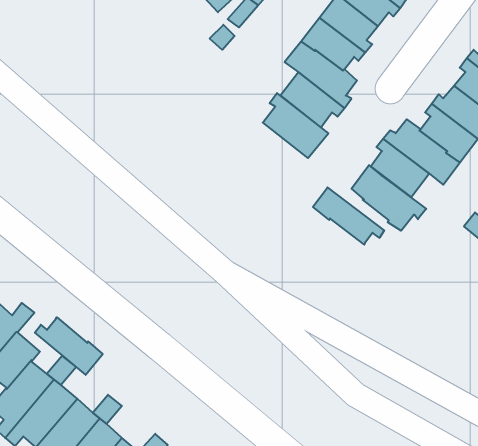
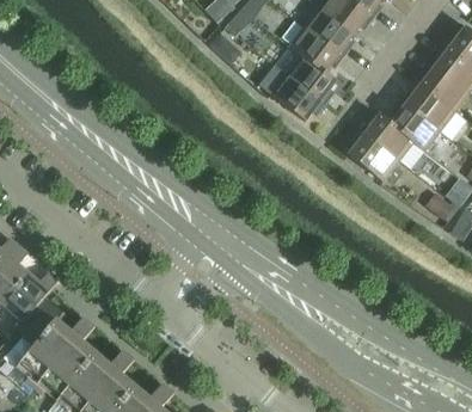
building: [263,93,328,158] -> none
building: [352,165,426,231] -> none
building: [313,187,384,245] -> none
building: [35,317,103,375] -> none

